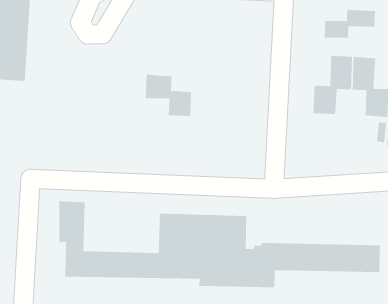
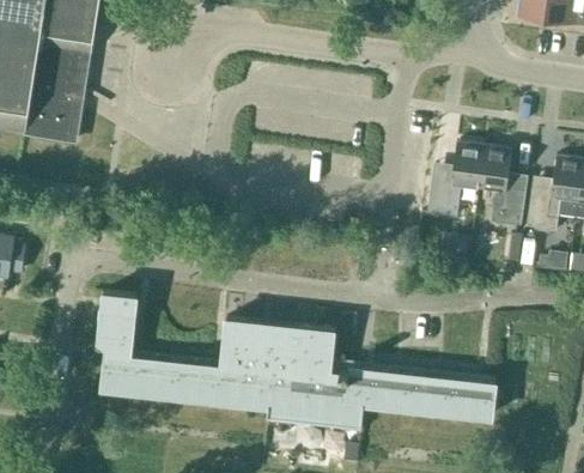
building: [324,9,376,39] -> none
building: [145,74,192,117] -> none

